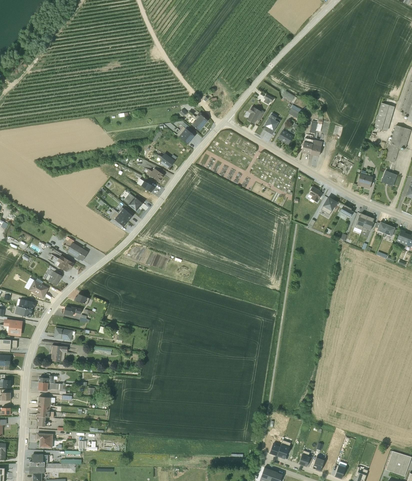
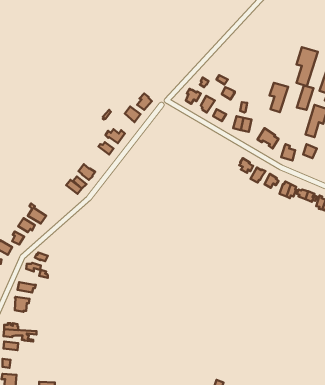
building: none -> [296,47,318,86]
building: none -> [270,83,288,112]

